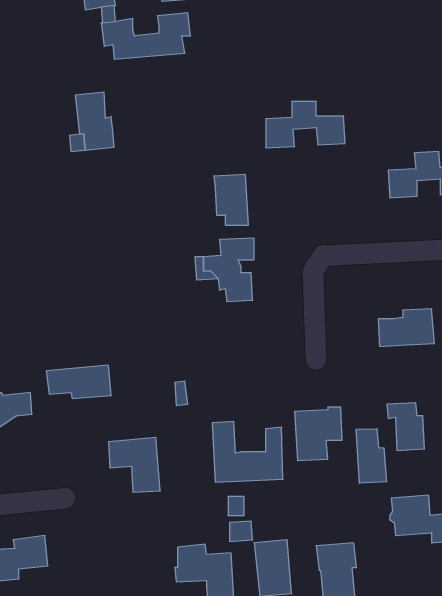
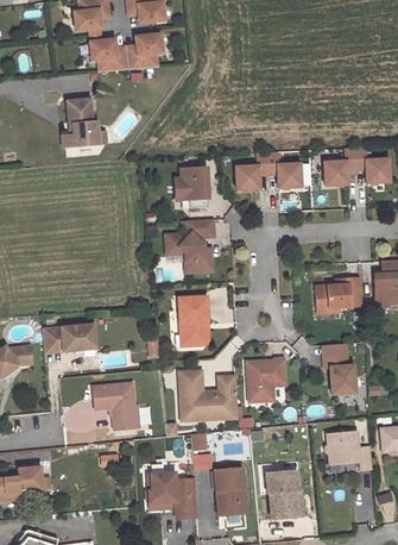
building: [266,102,345,148] -> [236,152,302,190]
building: none -> [179,296,209,345]
building: [356,429,386,483] -> none

